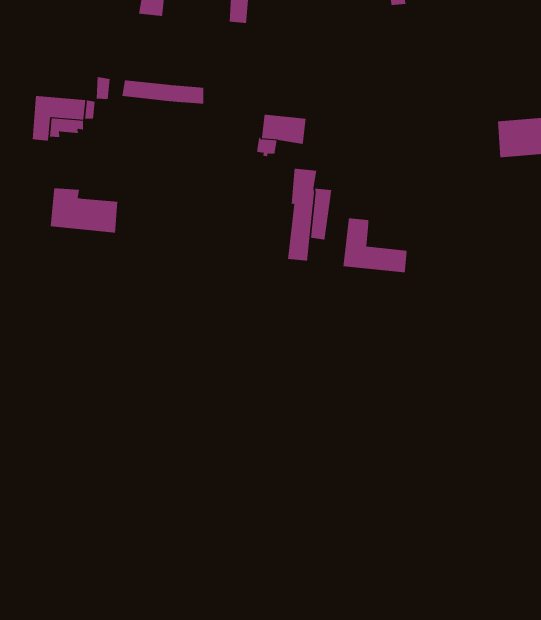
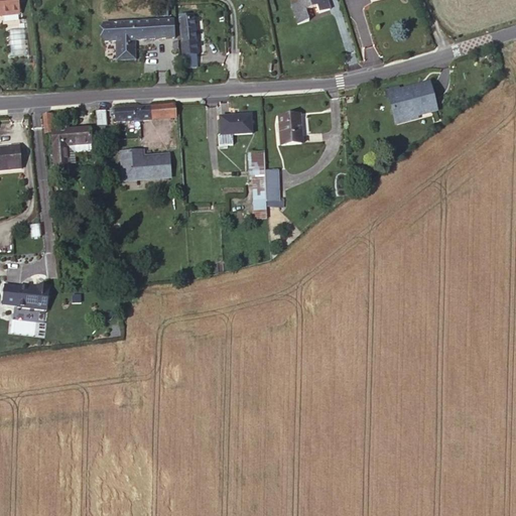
building: none -> [279,114,302,144]
building: [50,188,118,233] -> [121,149,171,179]
building: [343,217,407,273] -> none

